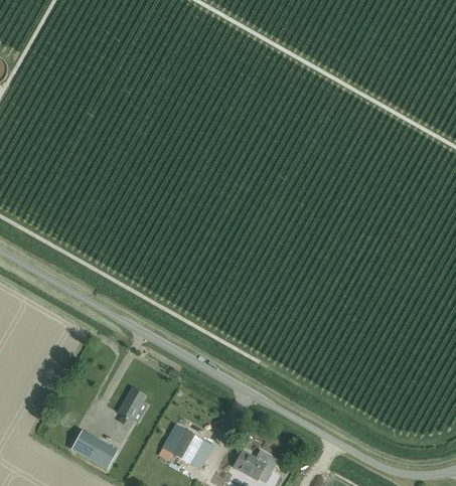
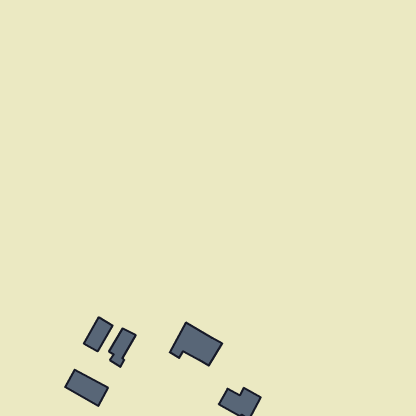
building: none -> [84,317,113,351]
building: [158,424,213,469] -> [170,323,222,366]

